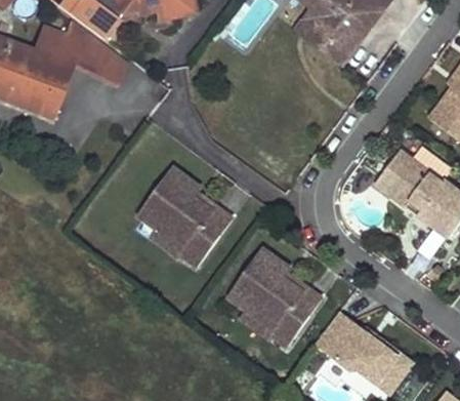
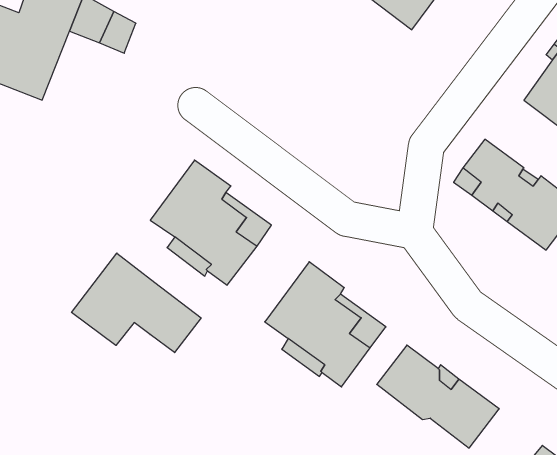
building: none -> [72,253,201,353]

